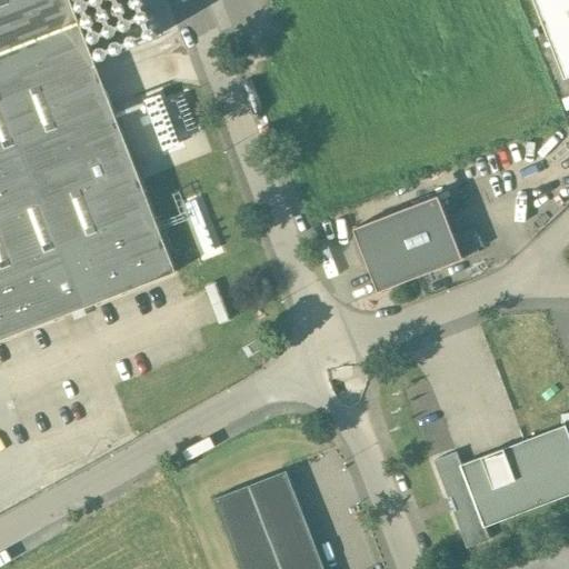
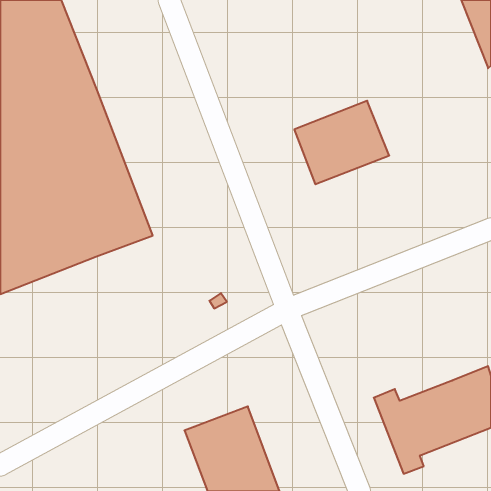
building: [353,194,463,291] -> [294,101,389,184]

